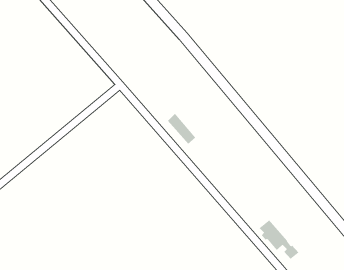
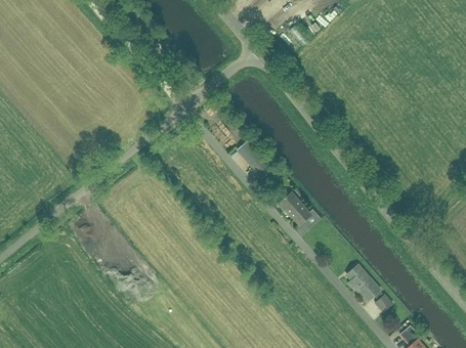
building: none -> [278,191,321,228]

